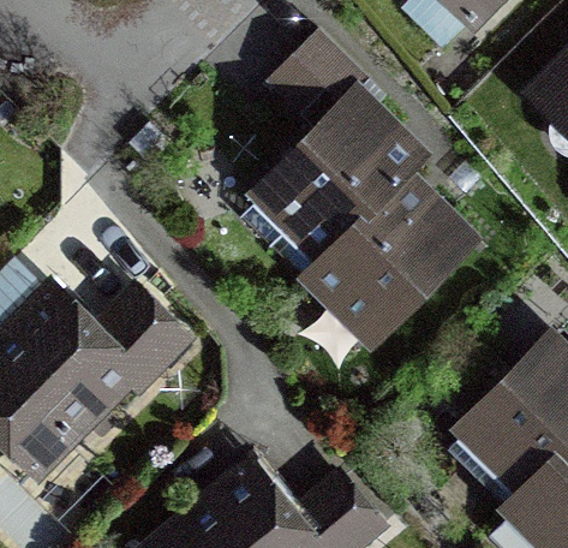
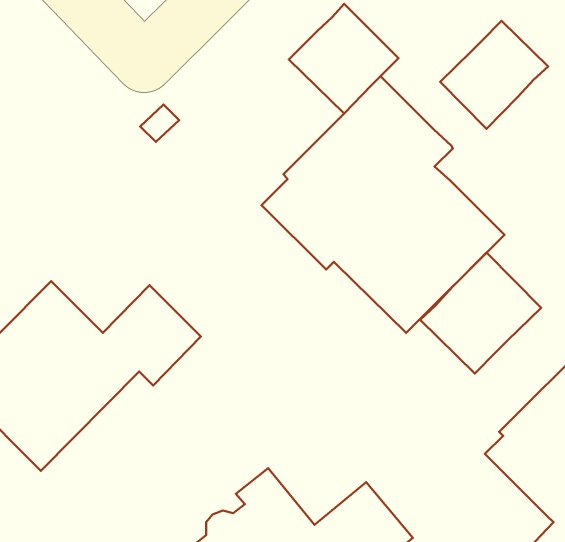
building: none -> [440,21,548,129]
building: none -> [420,253,541,373]

